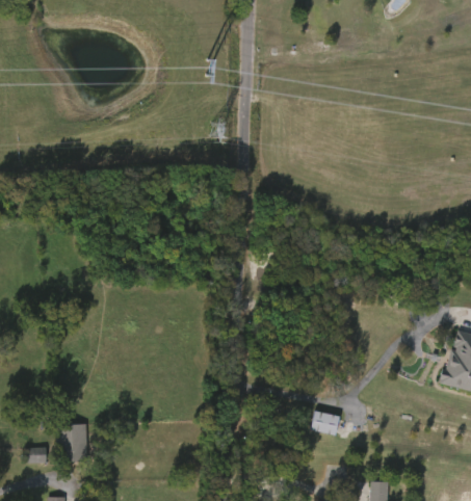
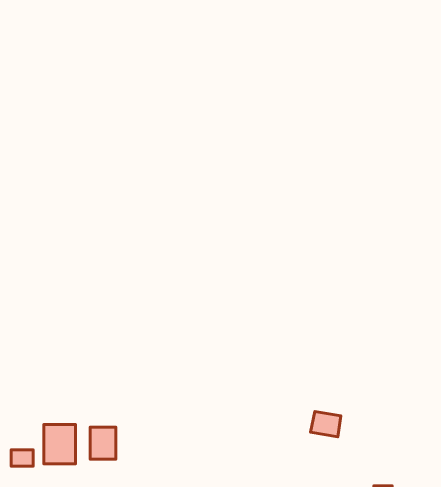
building: none -> [90,427,116,459]

